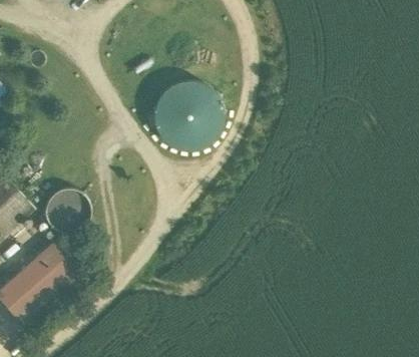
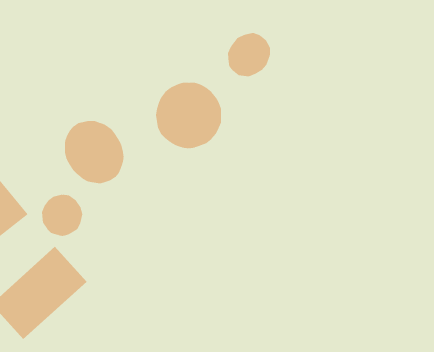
building: none -> [227,32,270,77]
building: none -> [64,120,124,184]

